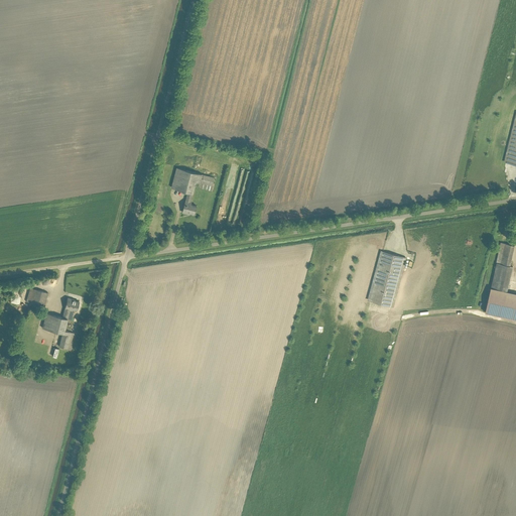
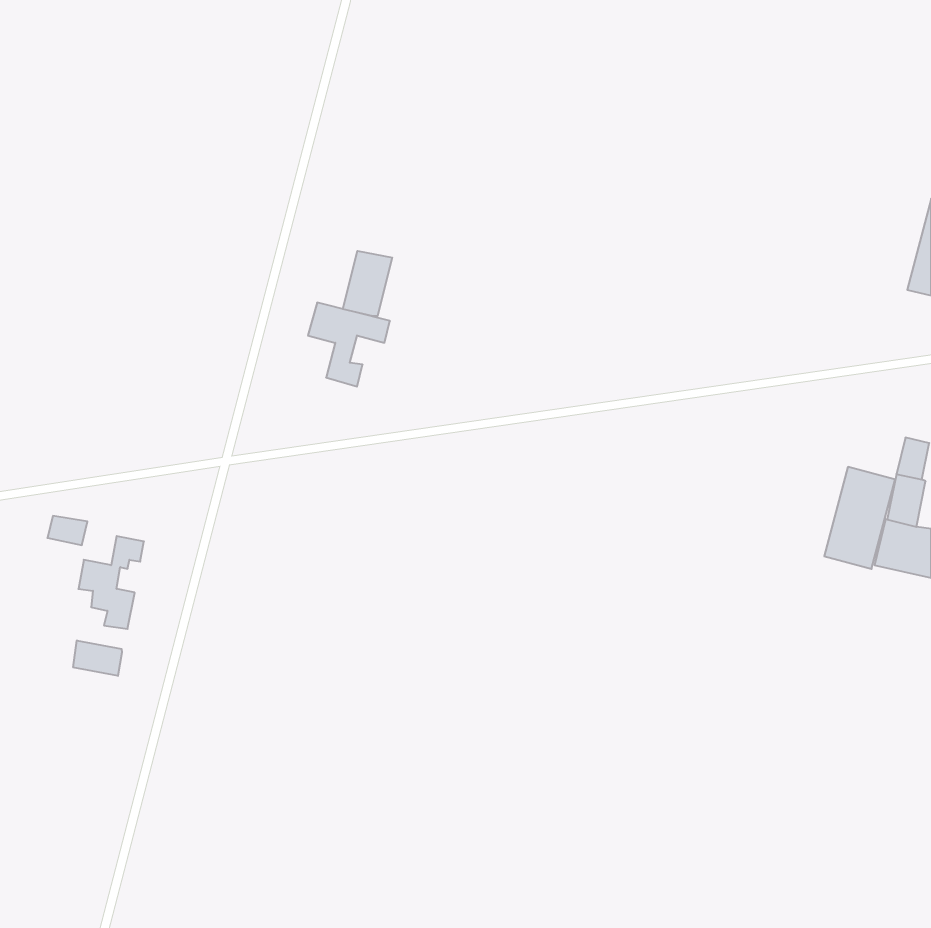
building: none -> [343,251,392,316]
building: [367,250,406,306] -> [824,467,895,569]
building: none -> [73,640,122,676]

